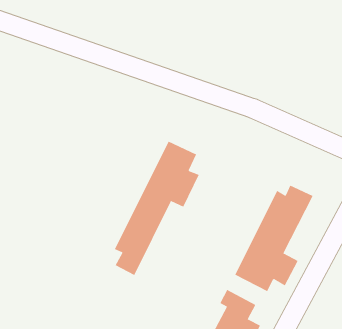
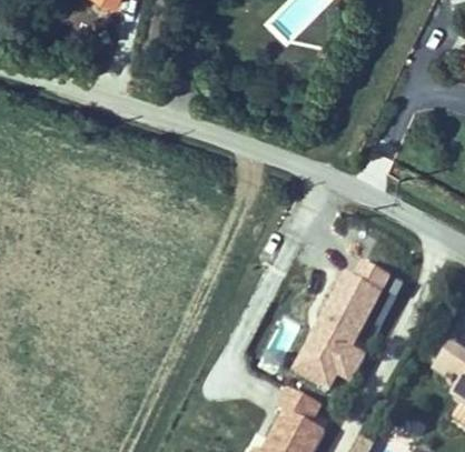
building: [114,141,200,276] -> none

